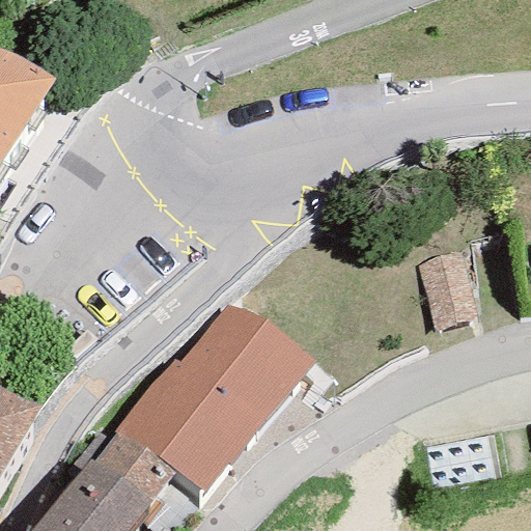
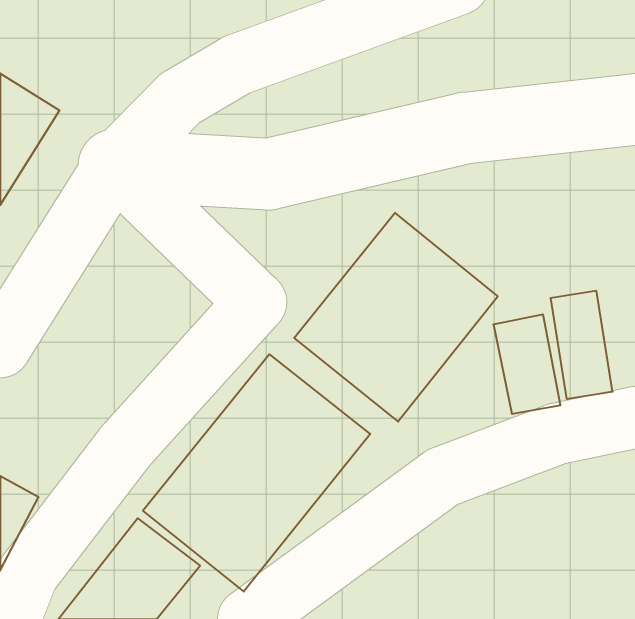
building: none -> [294,213,498,422]

